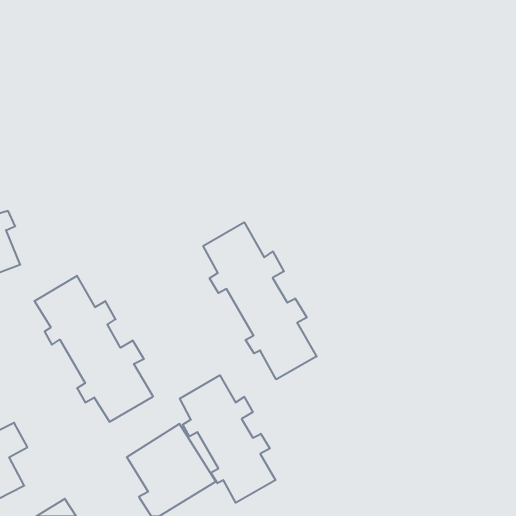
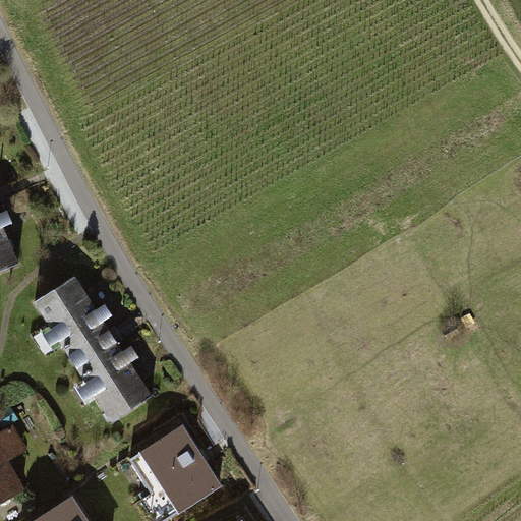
building: [203,222,317,379] -> none
building: [180,375,276,503] -> none

